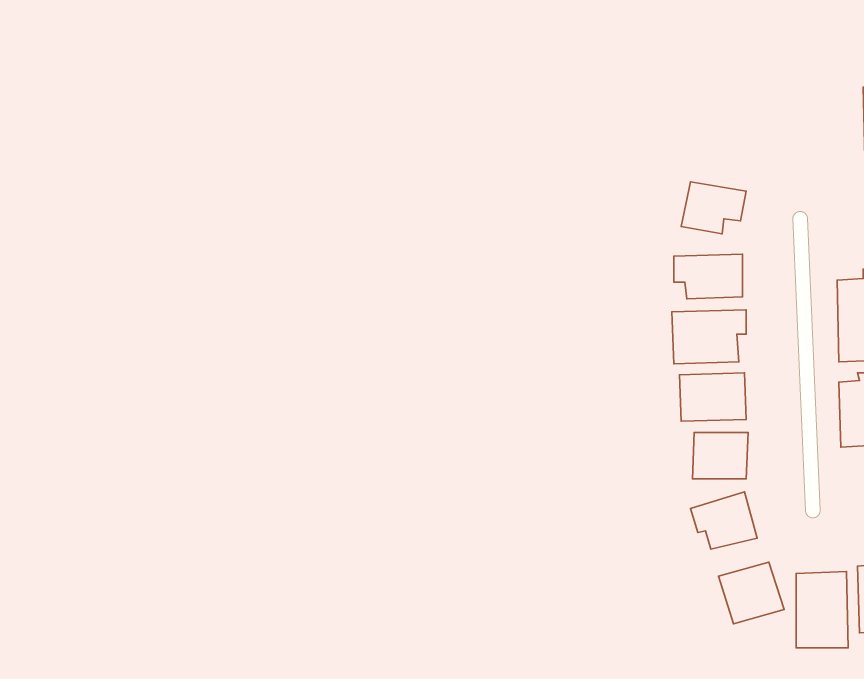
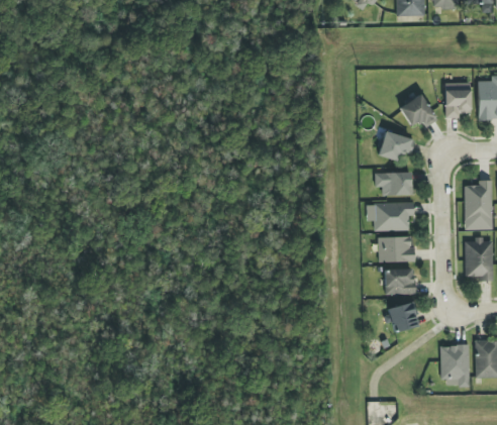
building: none -> [444,82,471,118]
building: none -> [399,94,437,127]
building: [718,562,784,624] -> none

